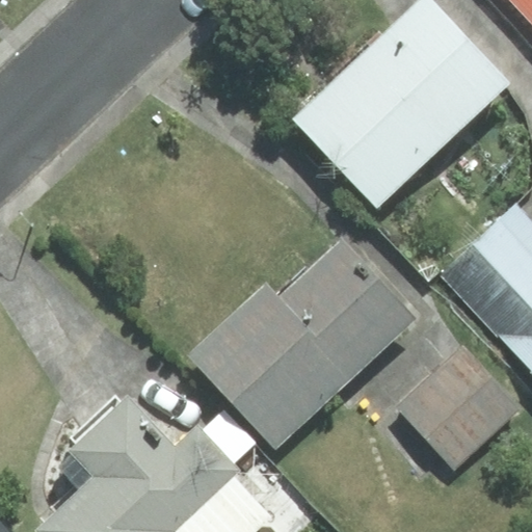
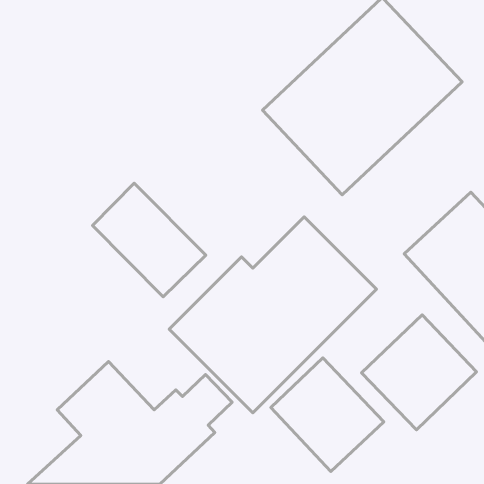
building: none -> [92,183,206,297]
building: none -> [271,358,384,471]

